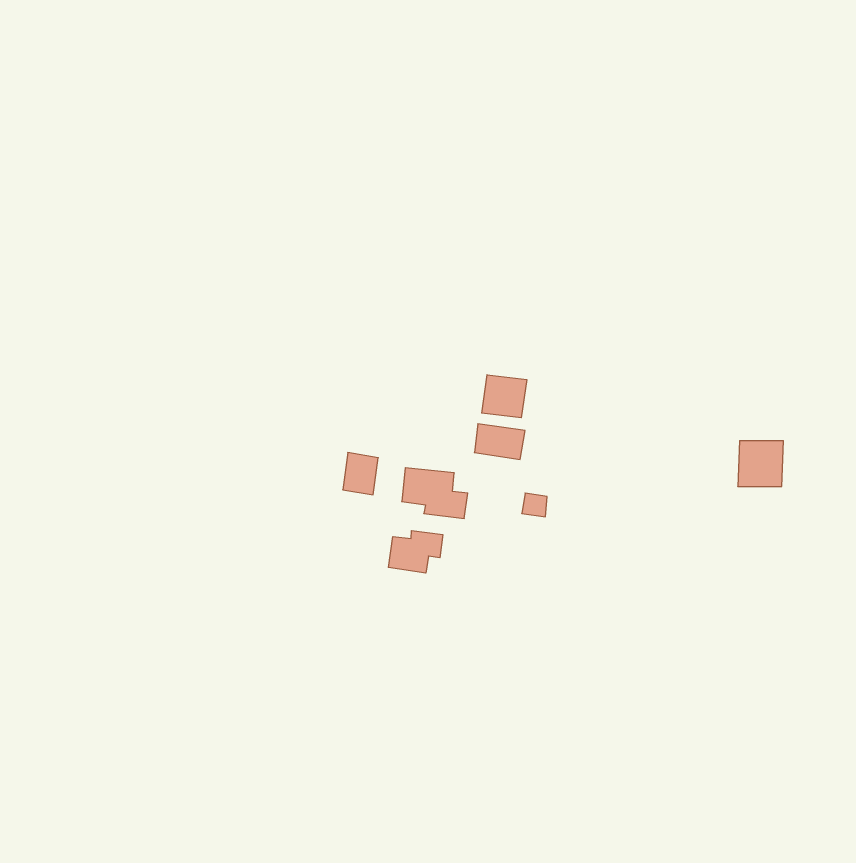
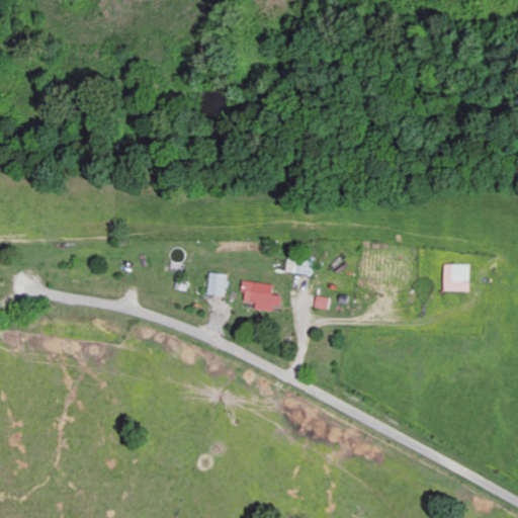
building: [482,375,527,418] -> none
building: [388,531,443,573] -> none

